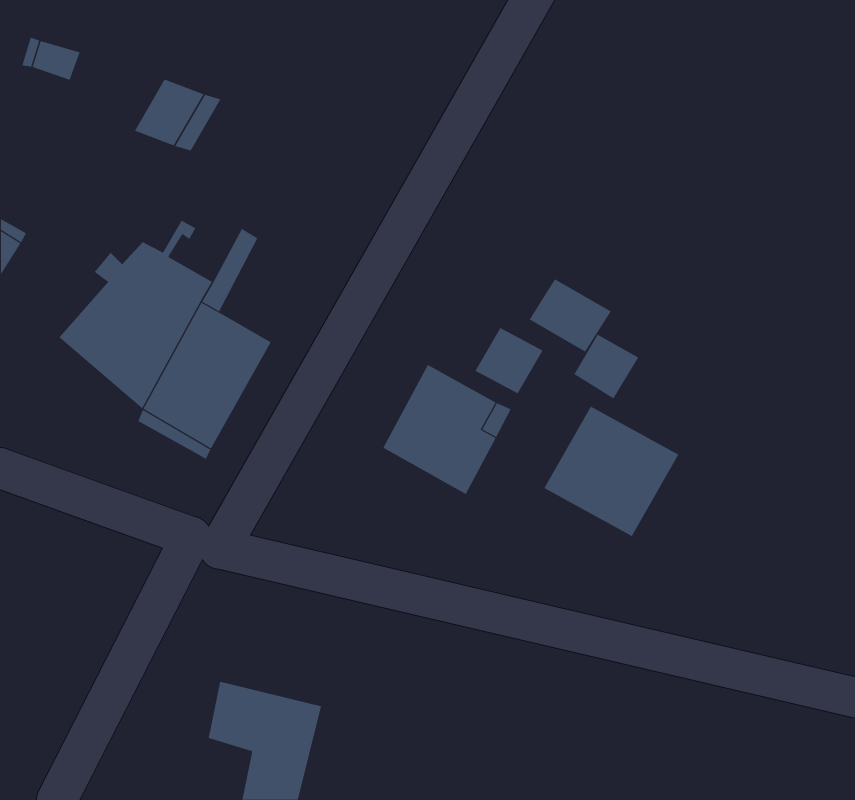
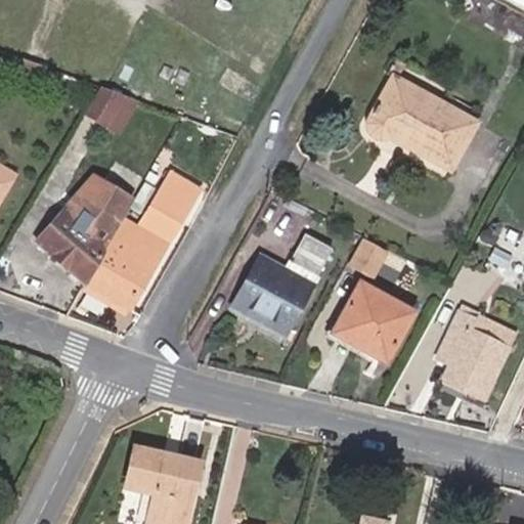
building: none -> [367,76,477,168]
building: none -> [145,174,199,235]
building: [529,279,611,353] -> none
building: none -> [438,311,509,398]

